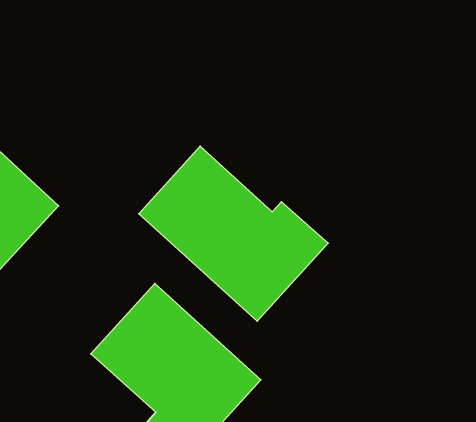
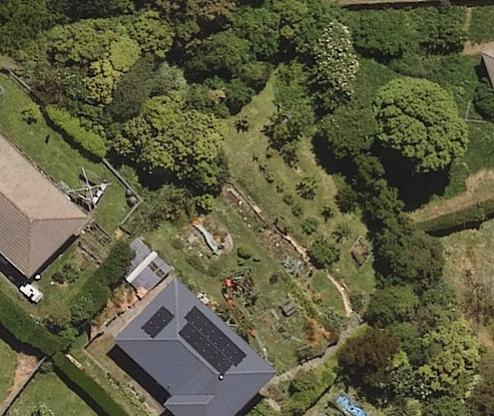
building: [139,146,328,321] -> none

